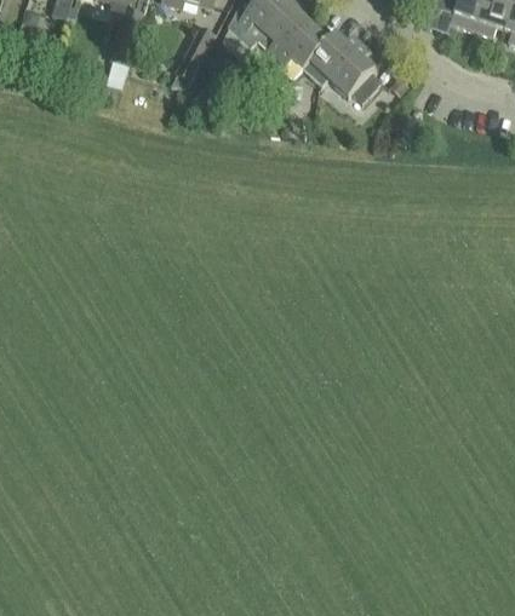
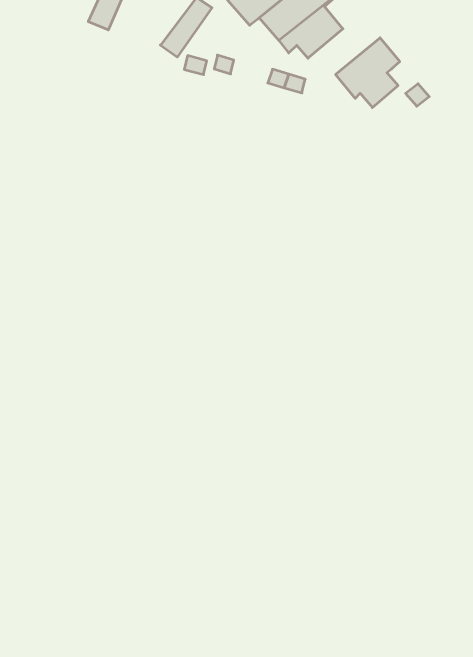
building: [302,31,361,86] -> none

